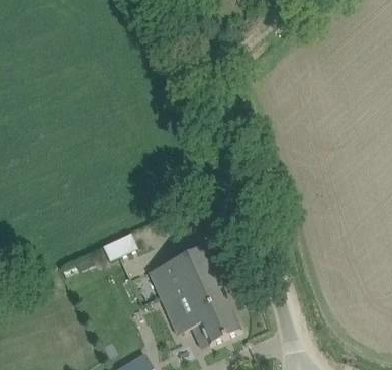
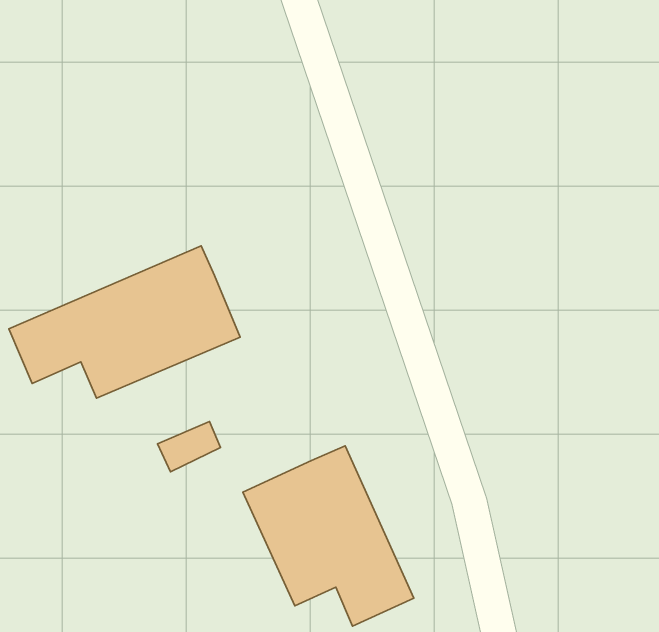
building: none -> [9,246,240,398]

